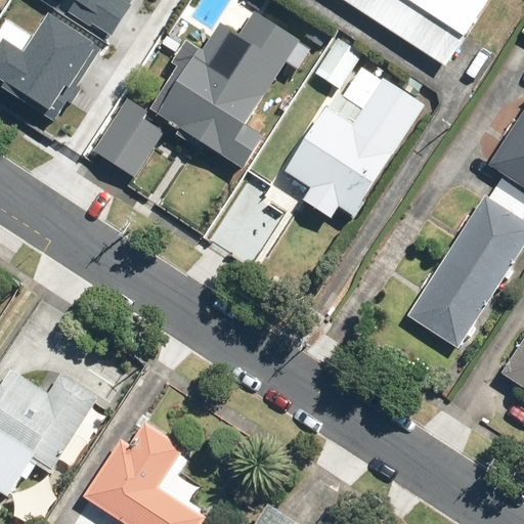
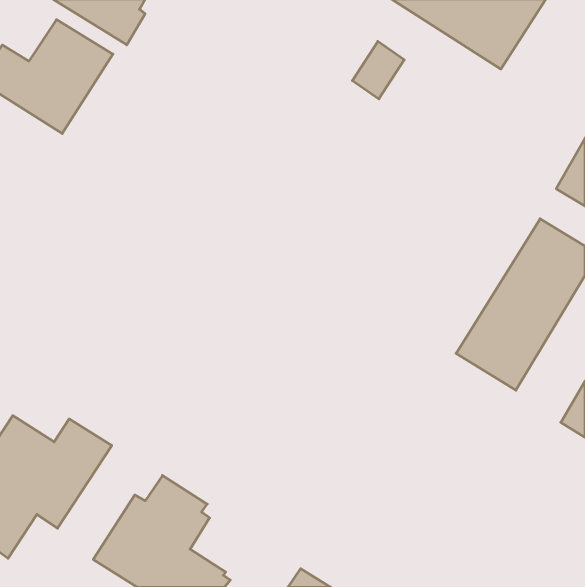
building: [149,11,299,156] -> none
building: [282,80,423,217] -> none
building: [93,99,165,176] -> none

